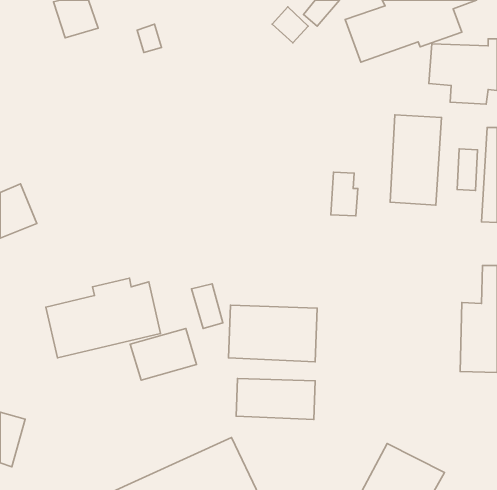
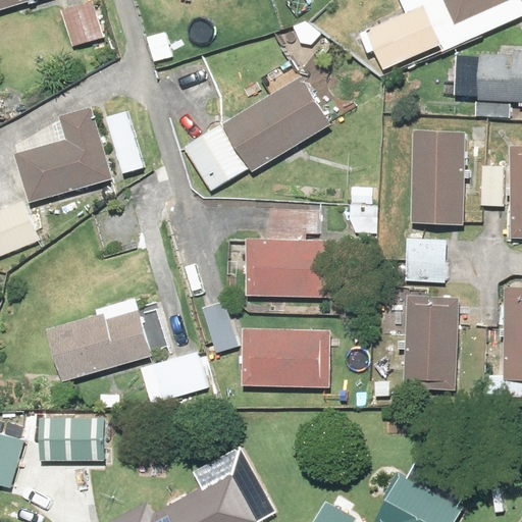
building: none -> [180,77,330,197]
building: none -> [14,107,115,203]
building: none -> [244,211,329,296]
building: none -> [405,238,446,279]
building: none -> [406,294,460,389]
building: [236,378,315,419] -> none
building: none -> [41,430,109,470]

